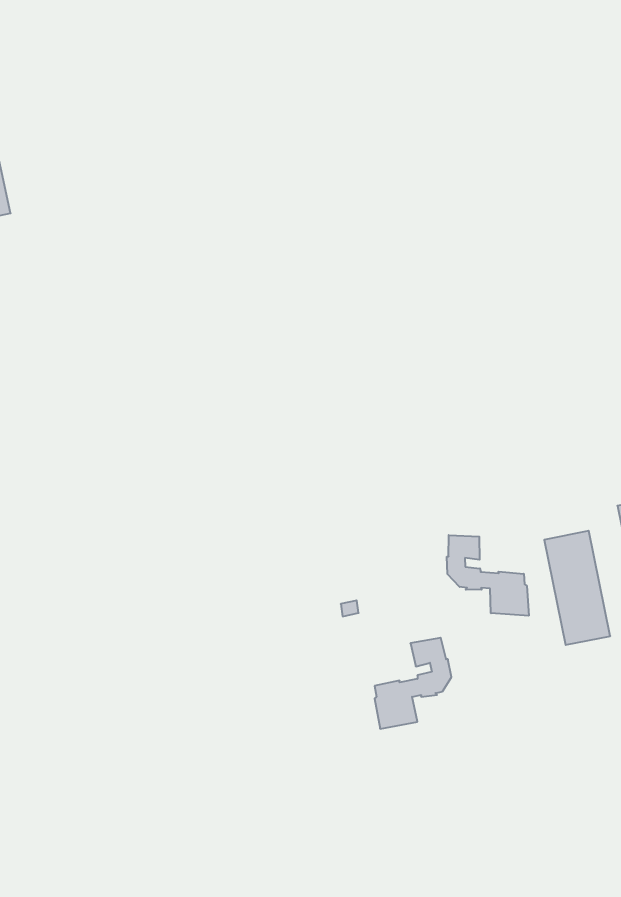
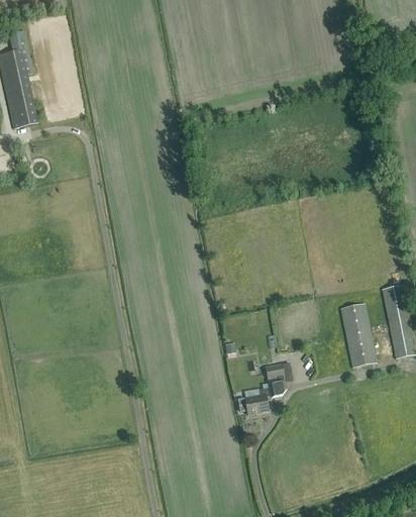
building: [447,535,529,616] -> none

